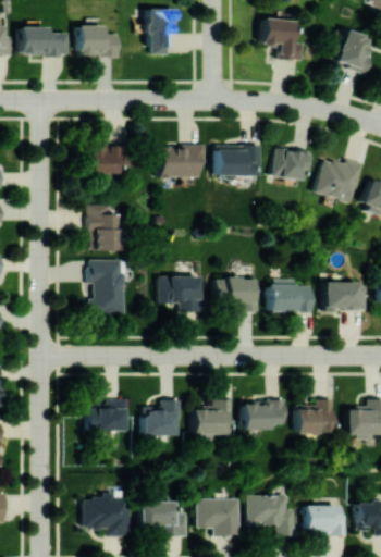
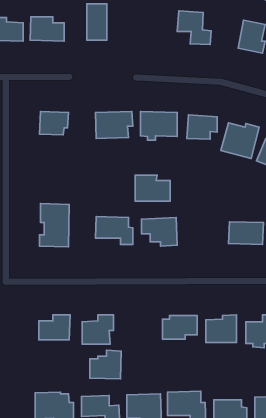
building: [87,205,120,251] -> none
building: [270,280,314,312] -> [135,175,170,201]
building: [193,399,232,435] -> [90,350,121,379]

